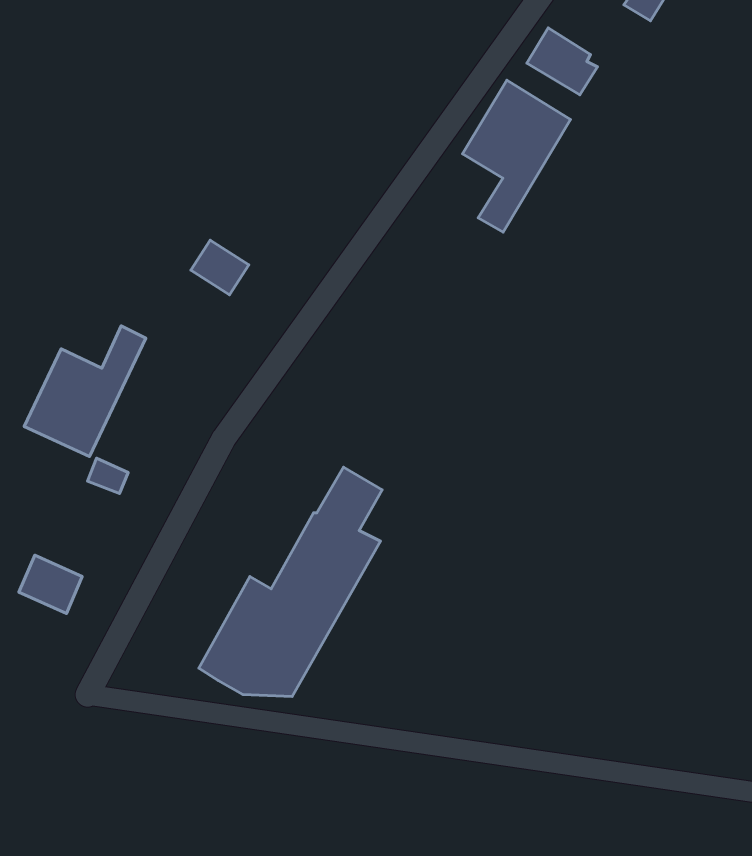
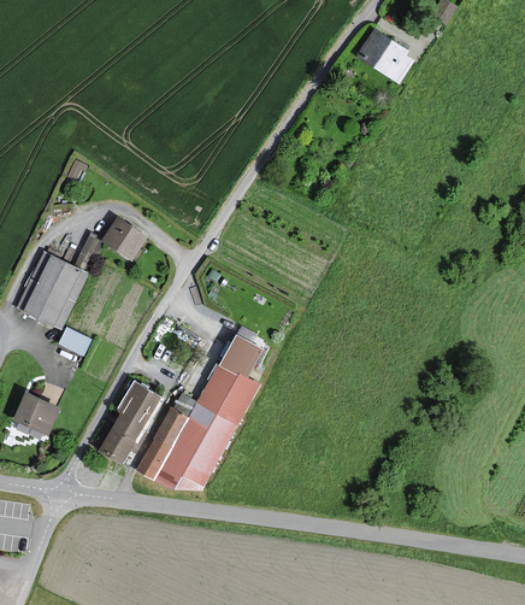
building: [463,80,571,232] -> none
building: [191,240,249,295] -> [105,218,144,255]
building: none -> [101,386,159,462]

